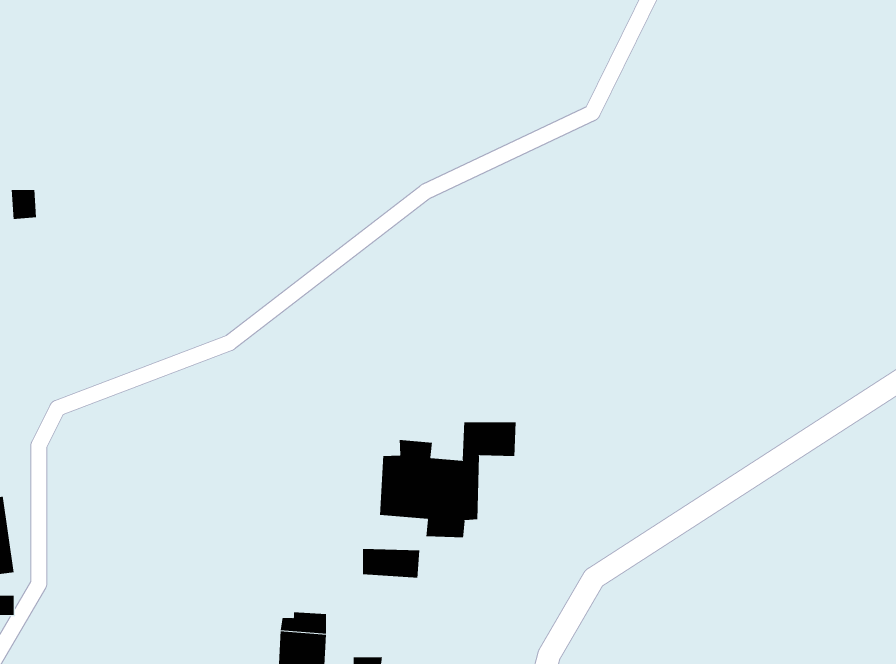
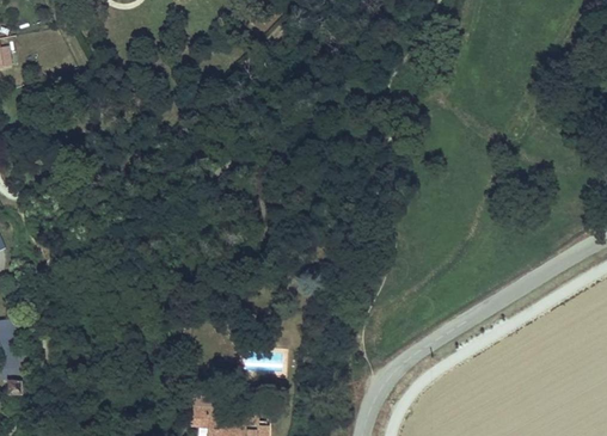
building: [379,421,516,538] -> none

